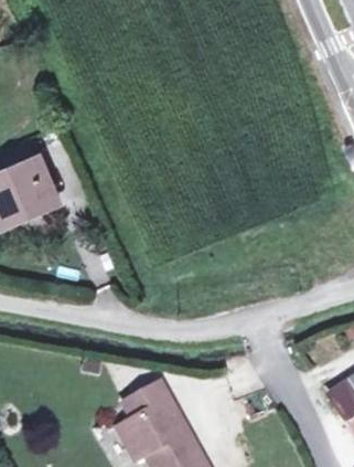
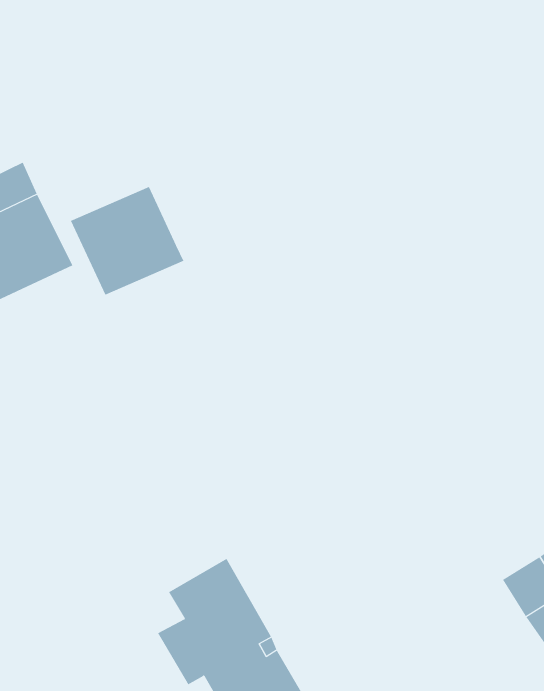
building: none -> [70,186,184,296]

